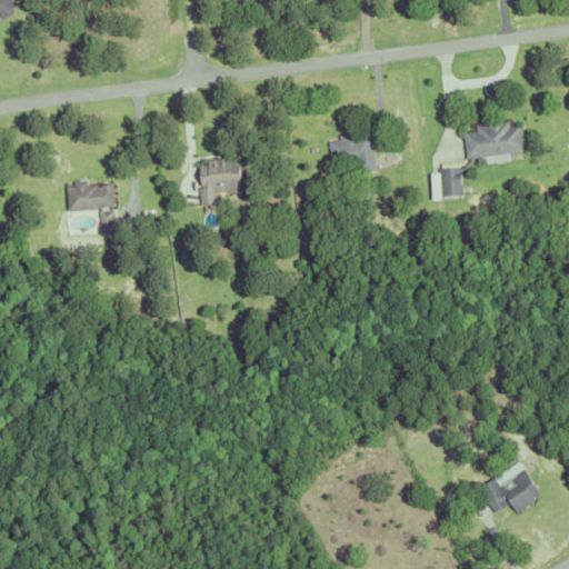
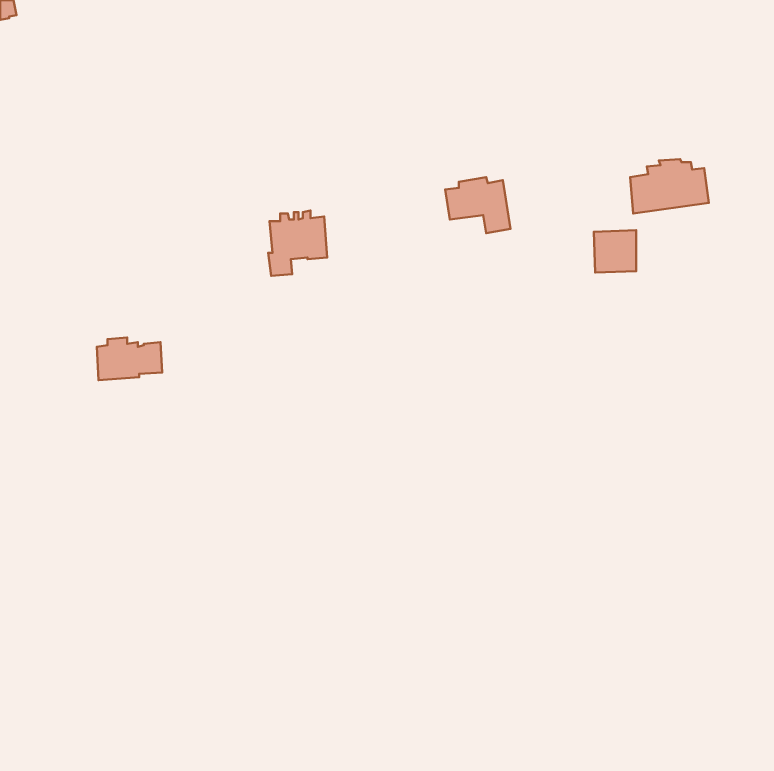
building: [64,180,112,211] -> [97,338,162,380]
building: [488,469,542,513] -> none

